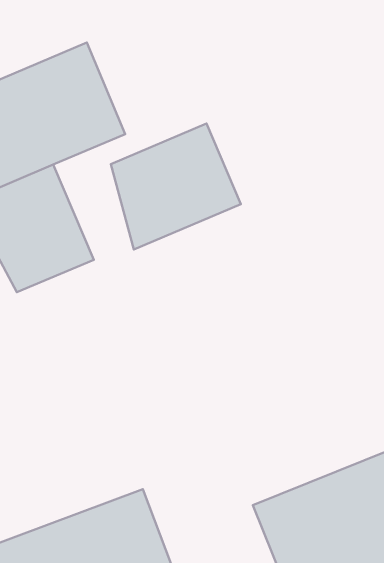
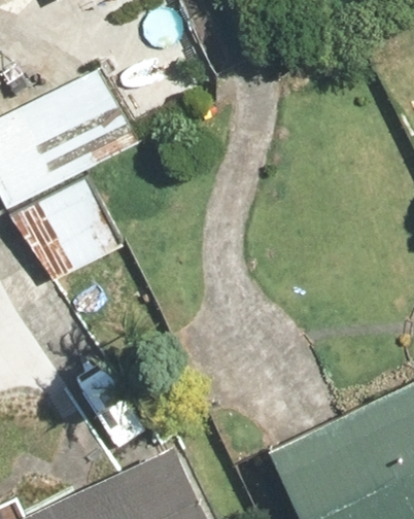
building: [111,123,241,249] -> none

